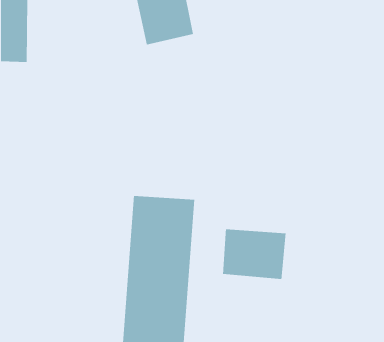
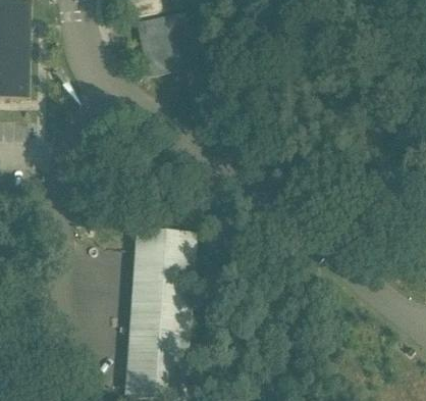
building: [223,228,286,280] -> none

